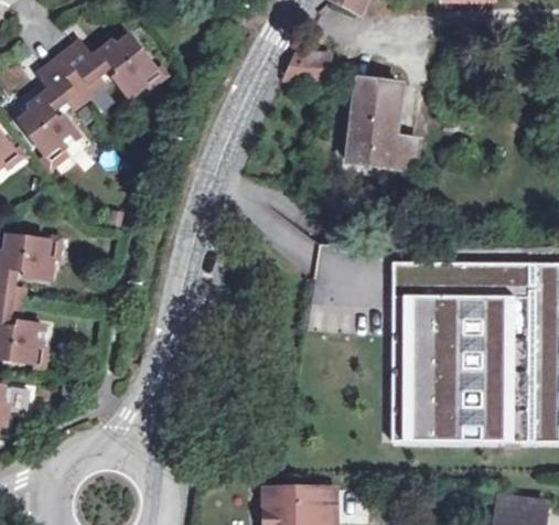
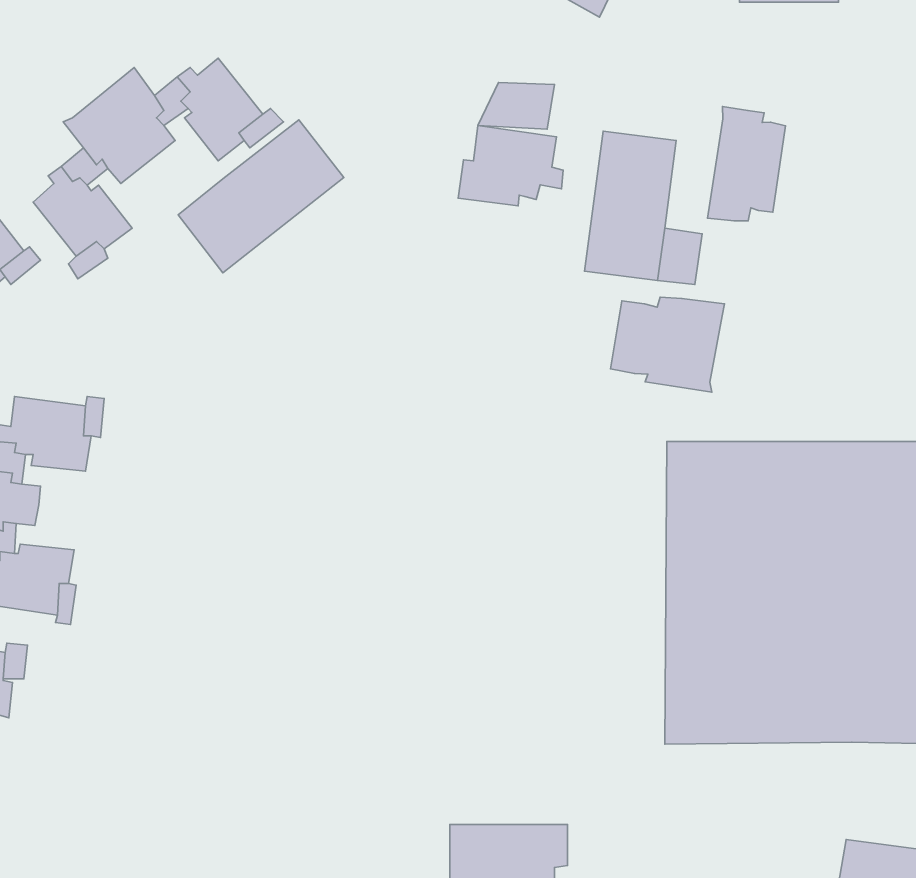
building: none -> [708,107,785,221]
building: none -> [178,120,344,273]
building: none -> [458,125,563,206]
building: none -> [610,297,724,392]

